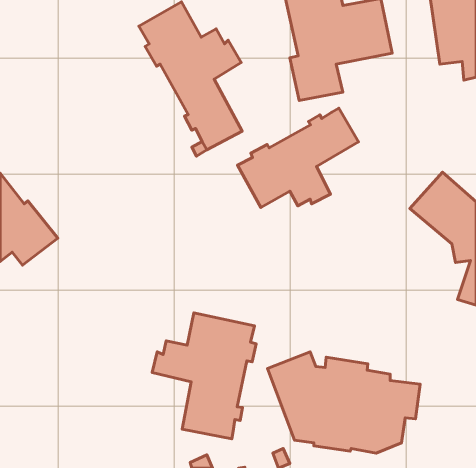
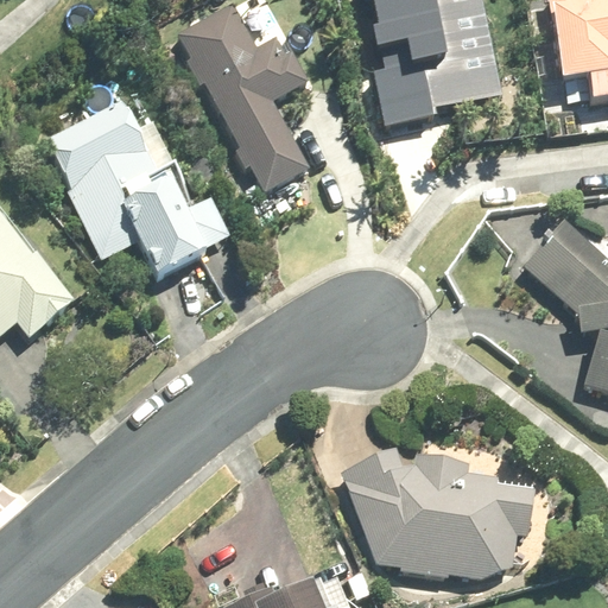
building: none -> [44,99,238,278]
building: [238,108,359,207] -> none
building: [152,313,256,439] -> none

